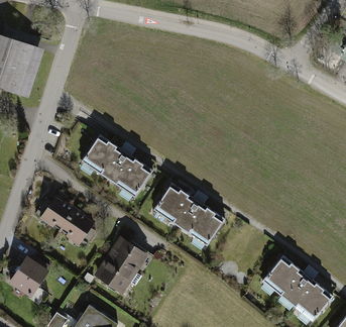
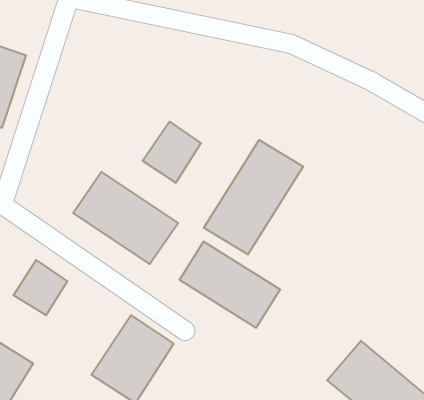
building: none -> [142,122,201,183]
building: none -> [204,140,303,255]
building: [60,209,97,247] -> none

